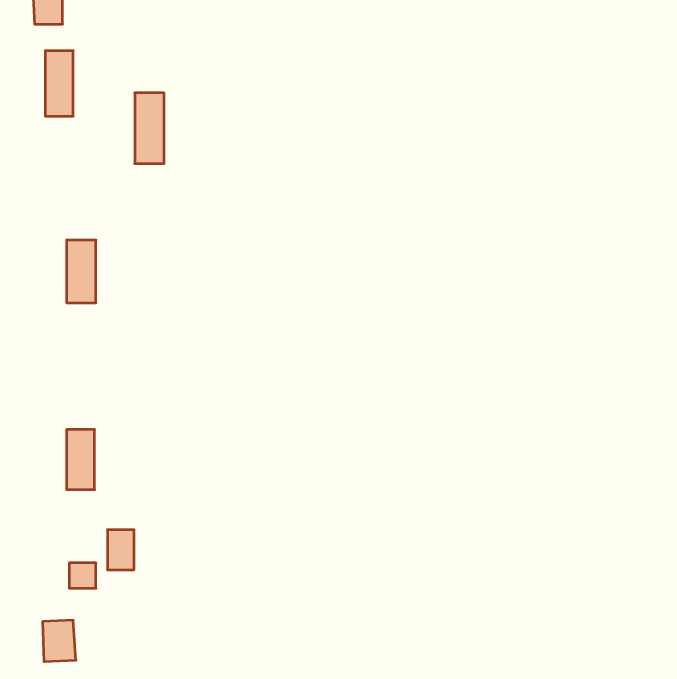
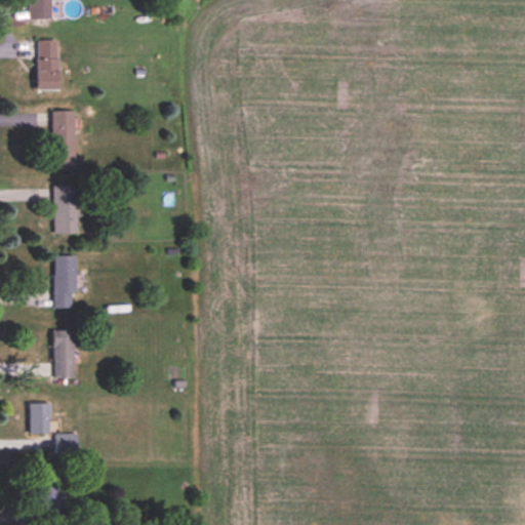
building: [135,93,164,164] -> [53,111,76,165]
building: none -> [54,255,76,308]
building: [107,530,134,570] -> [31,402,51,433]

